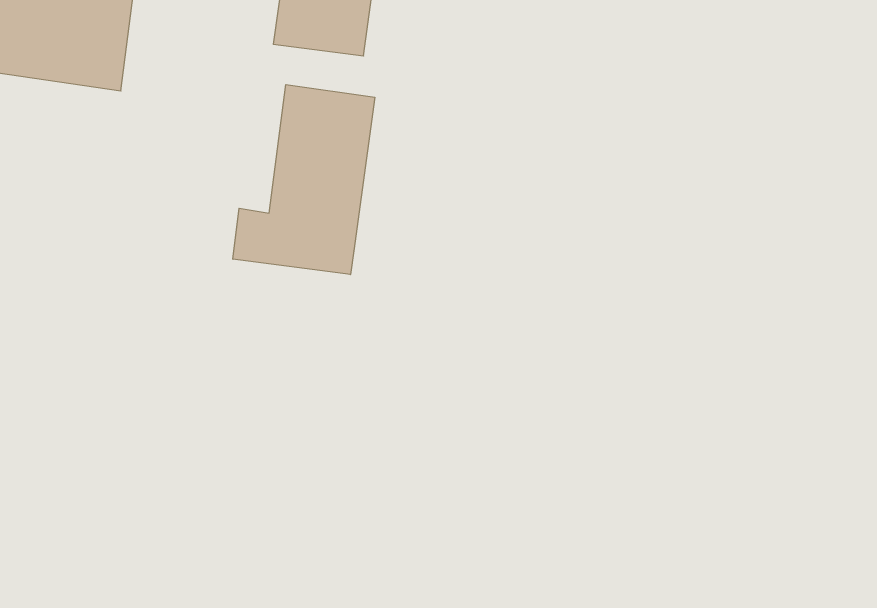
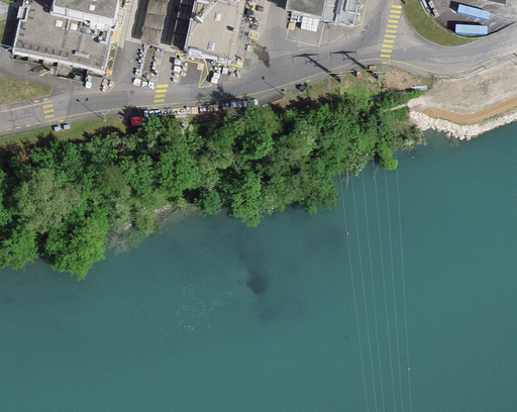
building: [233,85,375,275] -> none

